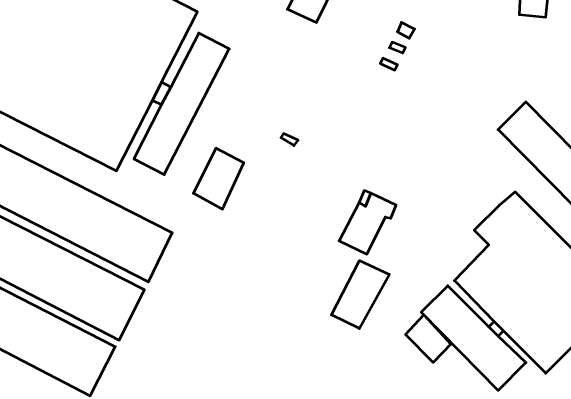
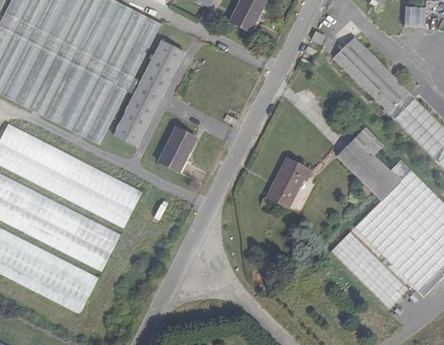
building: none -> [333,36,409,113]
building: none -> [336,128,389,189]
building: [331,261,389,329] -> none
building: [406,315,451,362] -> none

